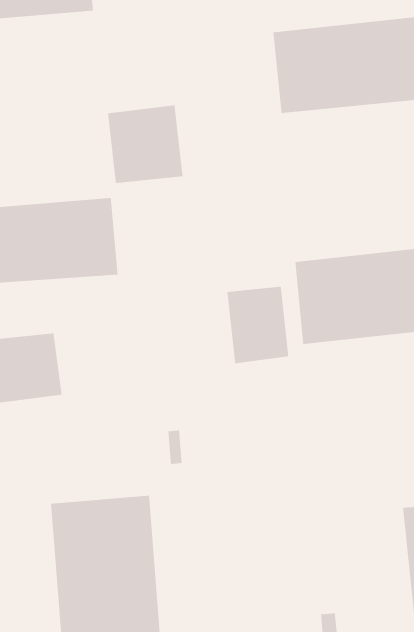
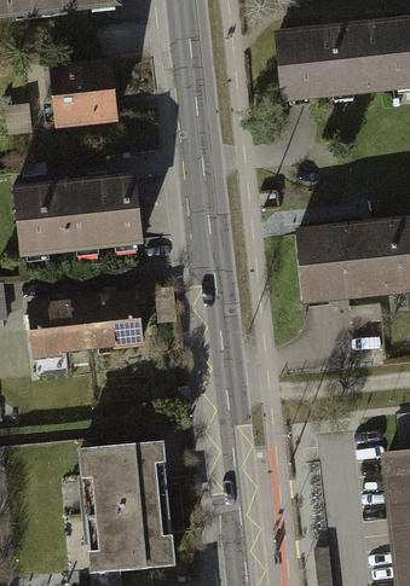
building: [107,105,183,184] -> [45,60,112,130]
building: [227,286,289,364] -> none
building: none -> [80,288,144,350]

